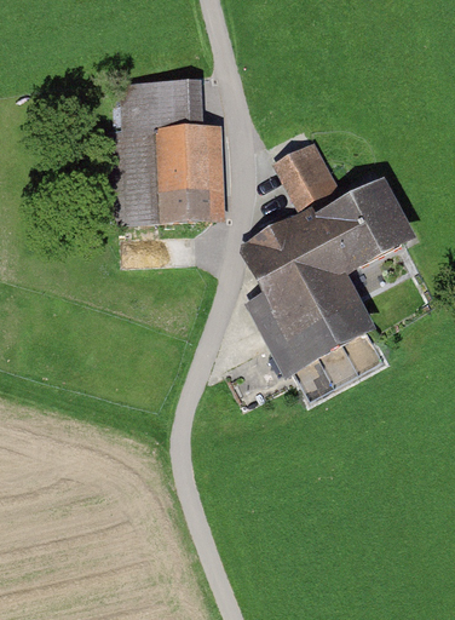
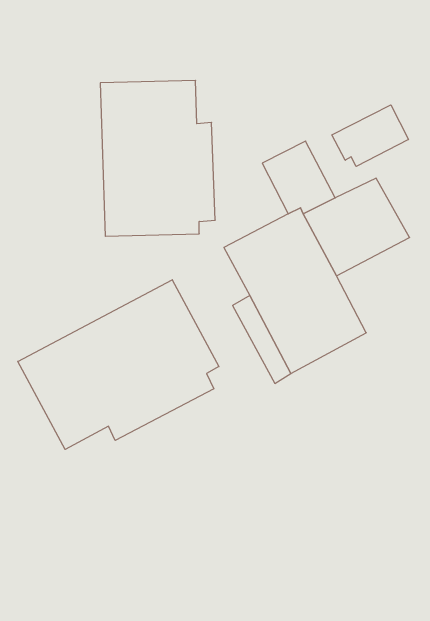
building: none -> [332,105,408,166]
building: none -> [18,280,219,449]

